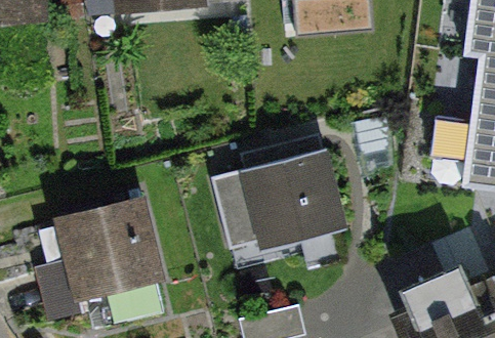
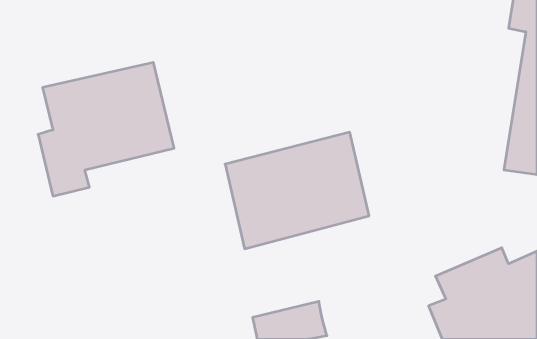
building: [37,201,159,321] -> [38,62,174,196]

